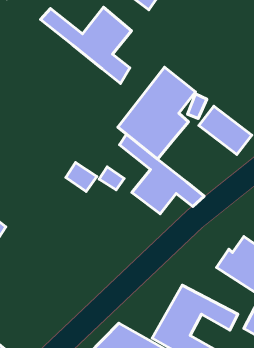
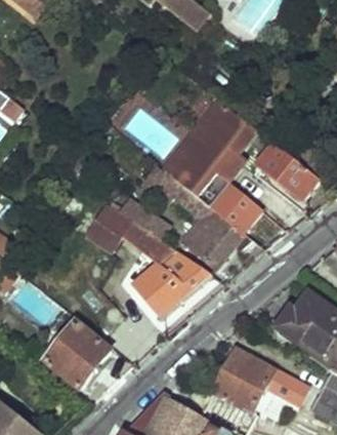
building: [40,7,131,83] -> none
building: none -> [209,181,261,231]
building: none -> [129,250,209,318]
building: none -> [46,322,109,387]

